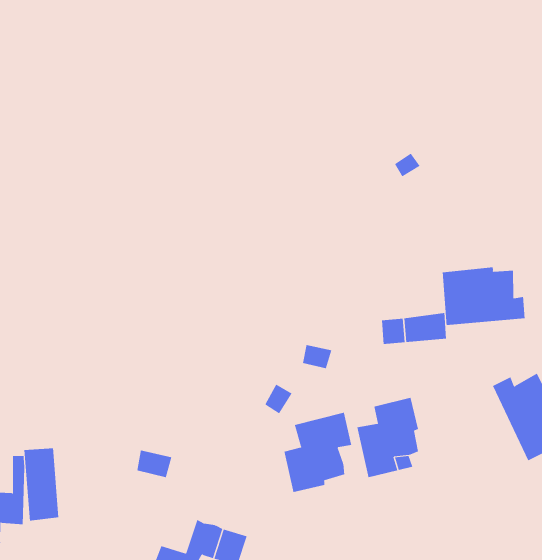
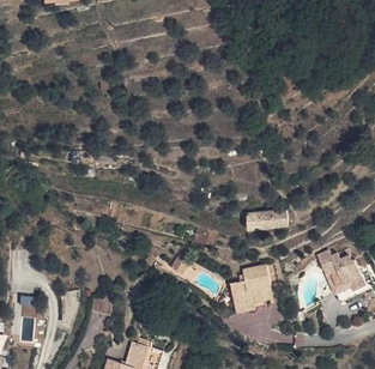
building: [442,267,525,326] -> none
building: [284,412,352,493] -> none

